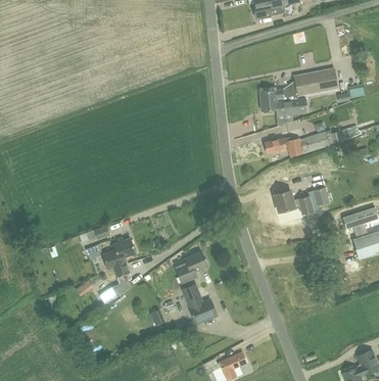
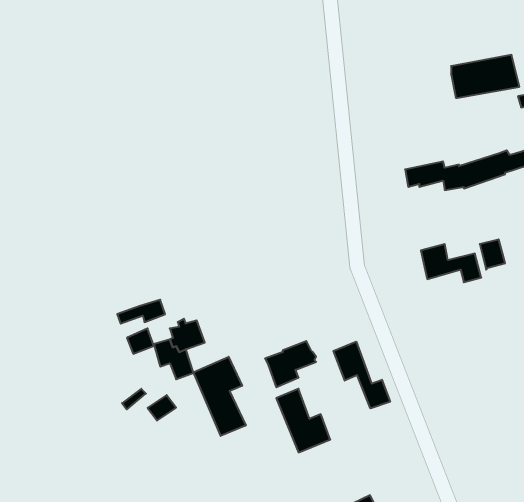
building: [259,80,307,113] -> none
building: none -> [333,342,390,408]
building: none -> [193,357,246,436]

